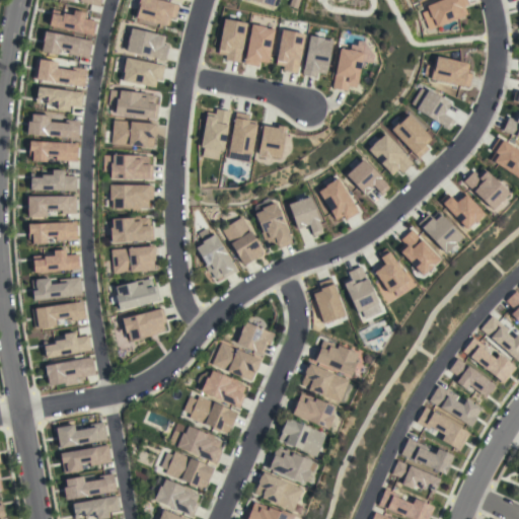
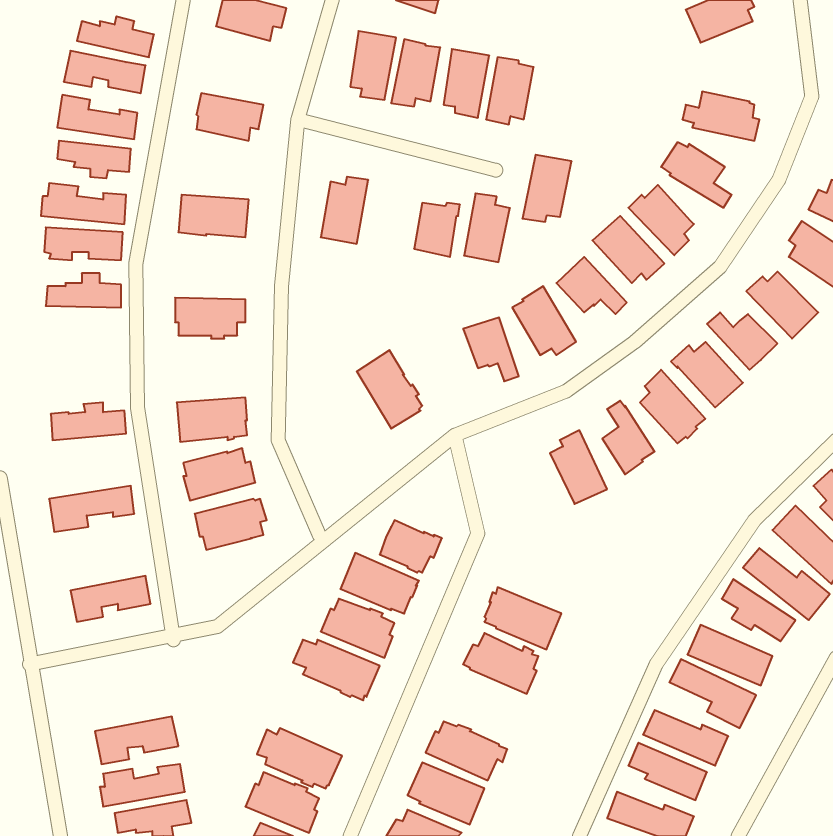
building: [127,28,169,60] -> none
building: [332,49,363,90] -> [522,155,572,222]
building: [109,90,159,118] -> none
building: [229,113,257,155] -> [464,193,510,262]
building: [104,154,153,178] -> none
building: [28,196,77,217] -> none
building: [255,202,293,248] -> none
building: [110,217,154,242] -> none
building: [28,222,78,243] -> none
building: [197,233,238,280] -> none
building: [31,277,83,300] -> none
building: [312,279,346,323] -> none
building: [45,331,91,358] -> none
building: [312,340,359,376] -> none
building: [279,418,325,456] -> none
building: [57,422,107,448] -> none
building: [169,426,223,464] -> none

